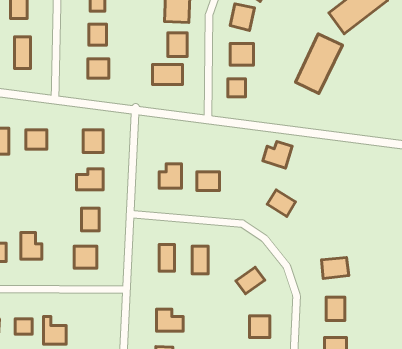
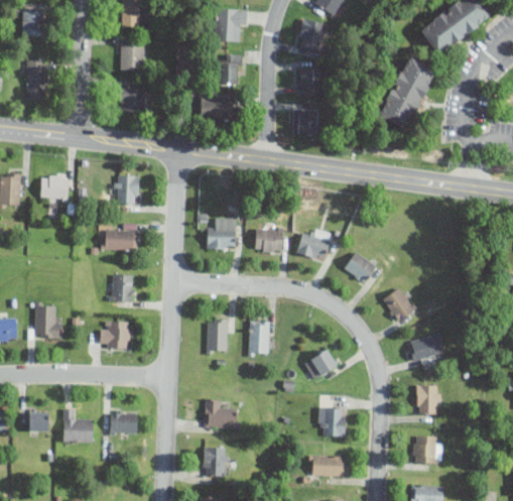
building: [263,141,292,168] -> [296,229,333,262]
building: none -> [382,286,416,322]
building: none -> [110,412,137,433]

